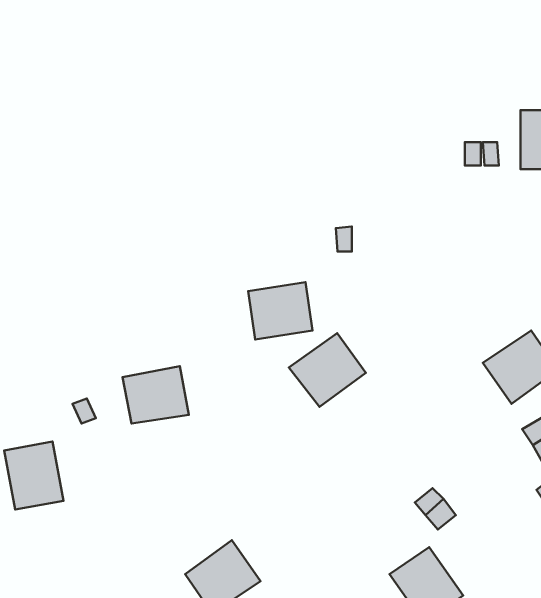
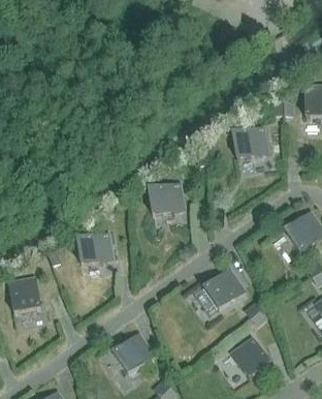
building: none -> [231,126,269,159]
building: [289,333,366,407] -> [201,268,246,310]

